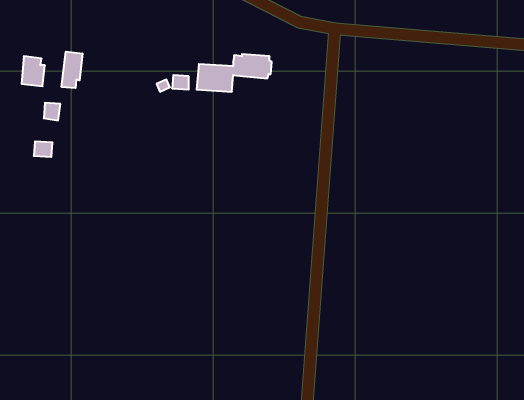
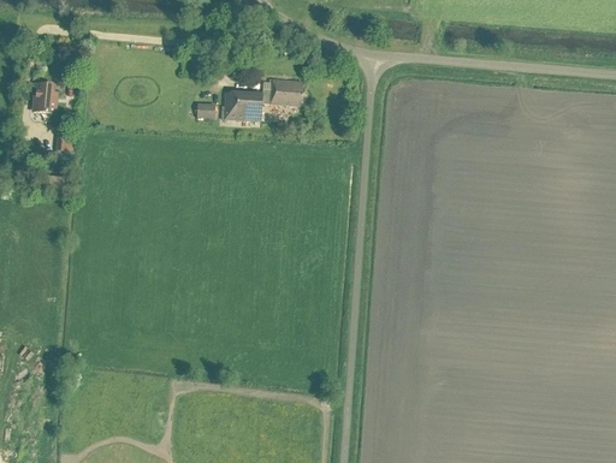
building: [62,52,82,88] -> none

